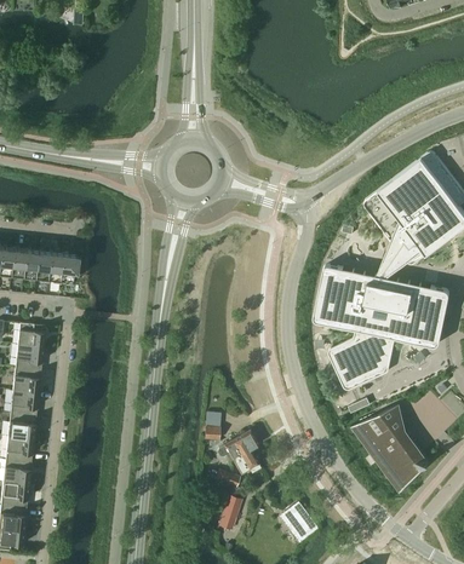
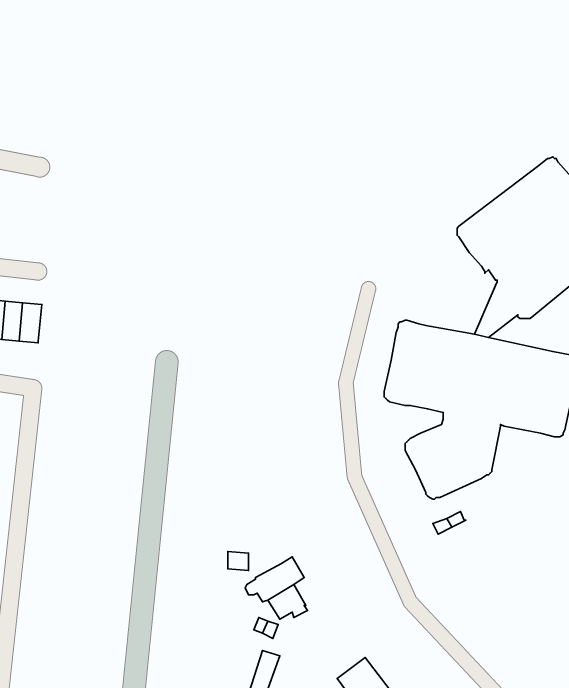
building: [350,404,429,493] -> none

